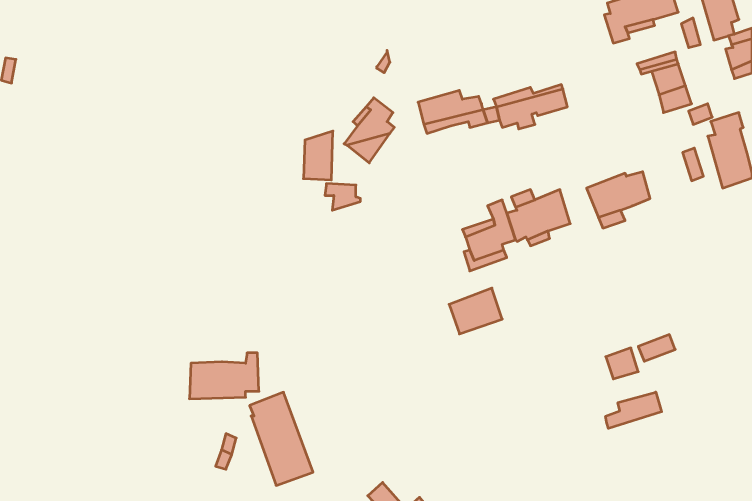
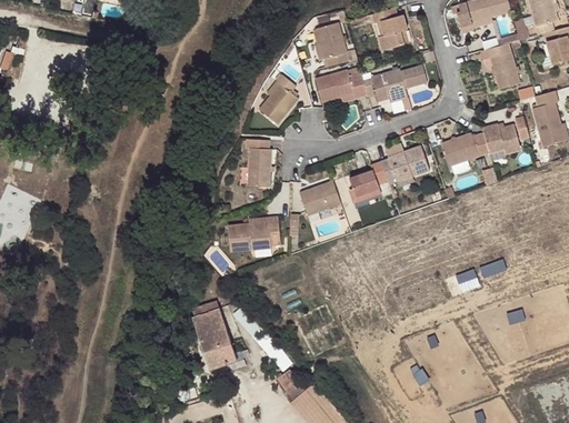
building: none -> [369,9,408,53]
building: none -> [310,26,345,68]
building: [303,131,333,180] -> [249,154,271,191]
building: none -> [481,122,520,152]
building: [449,288,502,334] -> [301,181,341,215]
building: [189,353,259,399] -> [224,220,277,254]
building: [606,392,662,428] -> none

